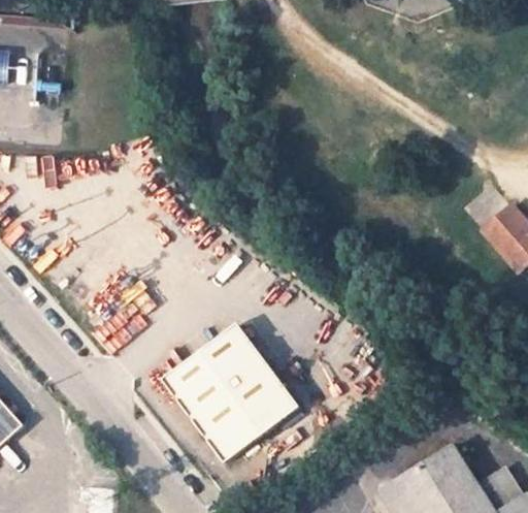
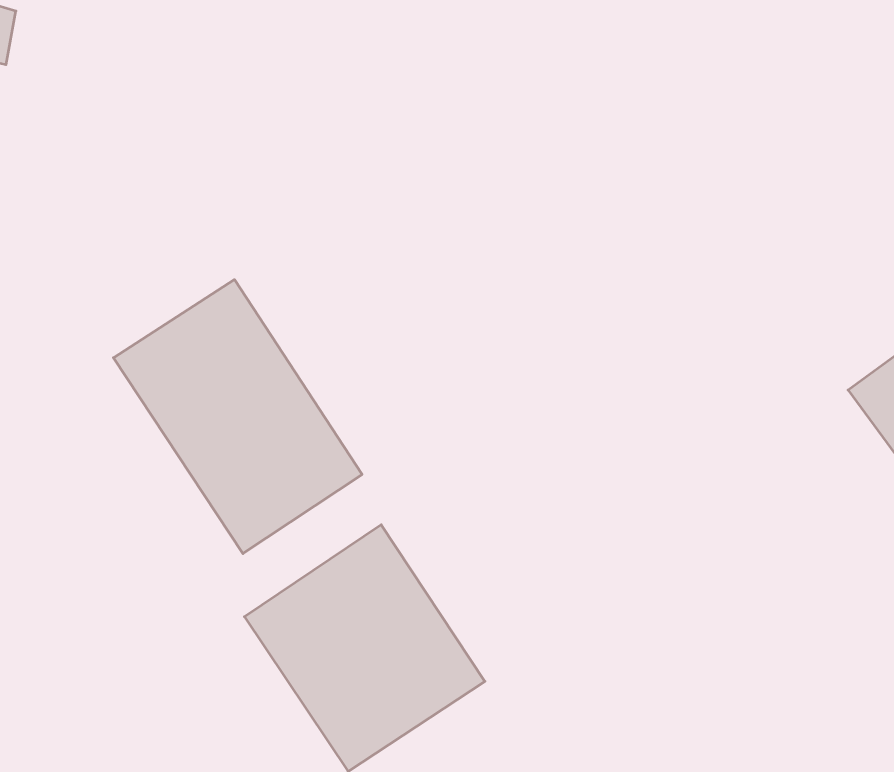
building: none -> [113,280,362,554]

